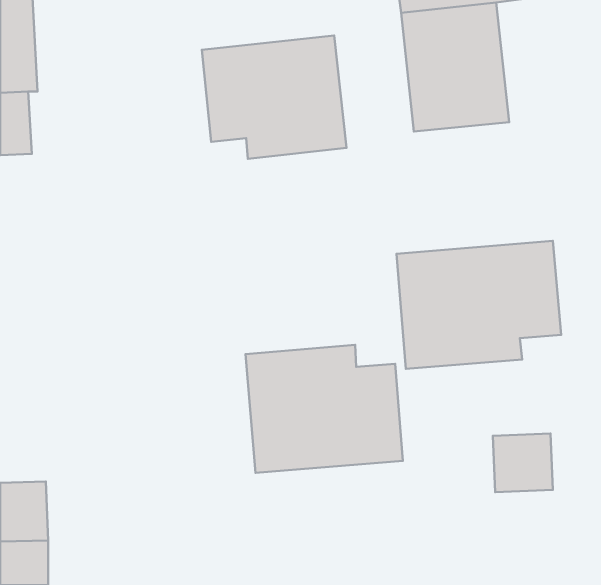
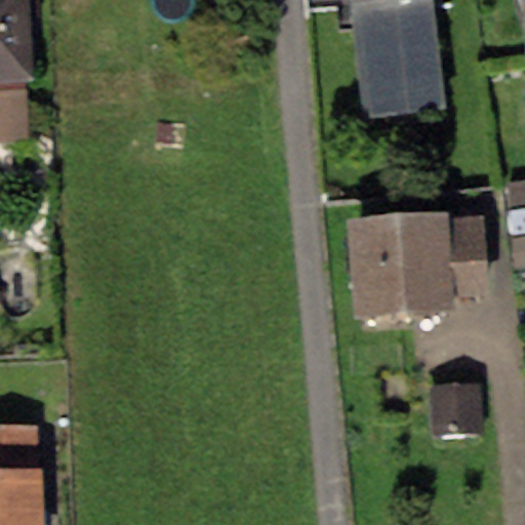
building: [202,35,347,159] -> none
building: [246,345,403,473] -> none

